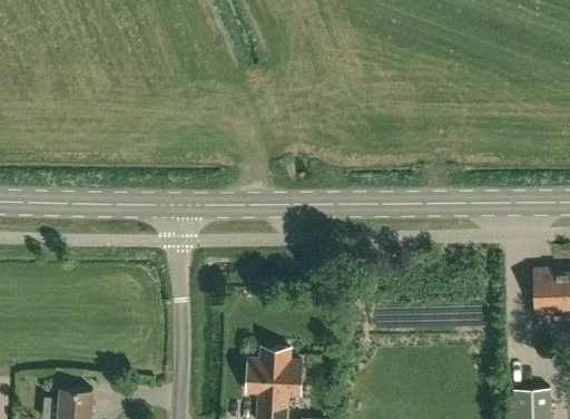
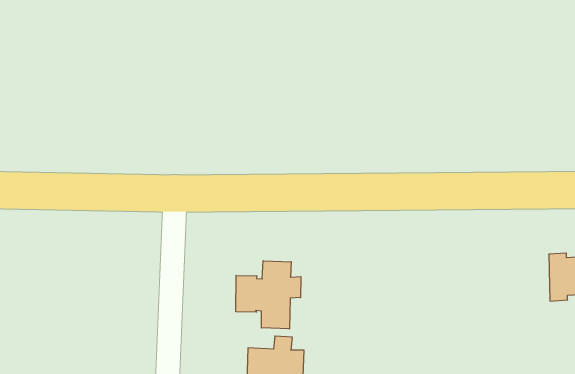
building: none -> [236,261,301,329]

